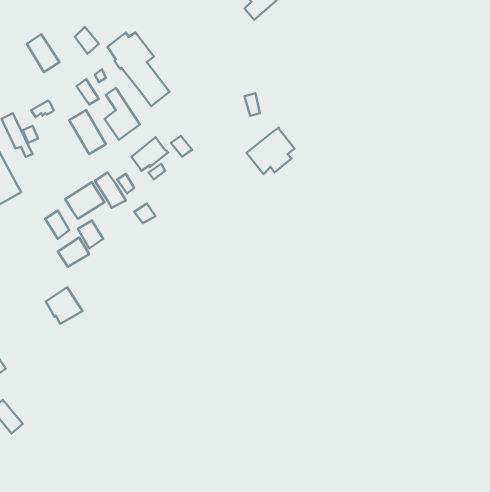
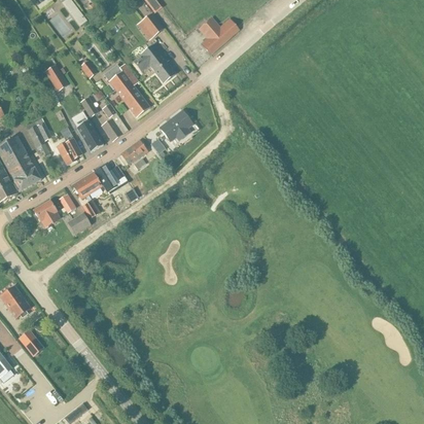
building: none -> [134,43,175,83]
building: [246,127,294,174] -> [157,108,192,142]
building: none -> [56,137,82,165]
building: [46,287,83,324] -> [33,200,60,226]

